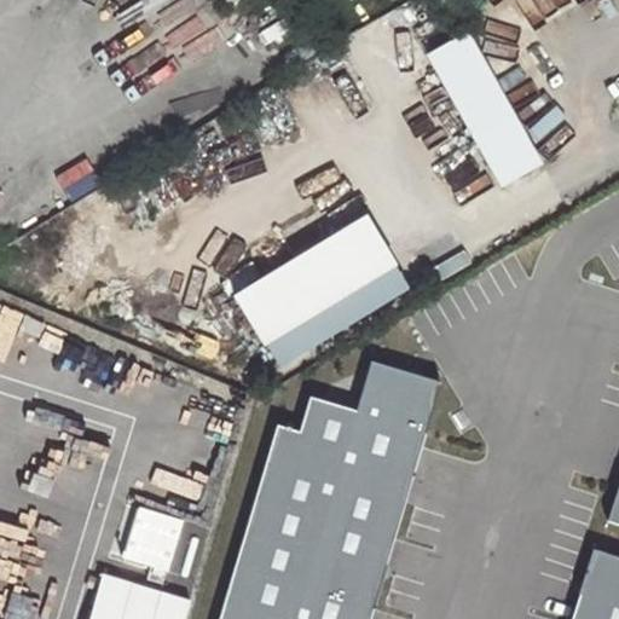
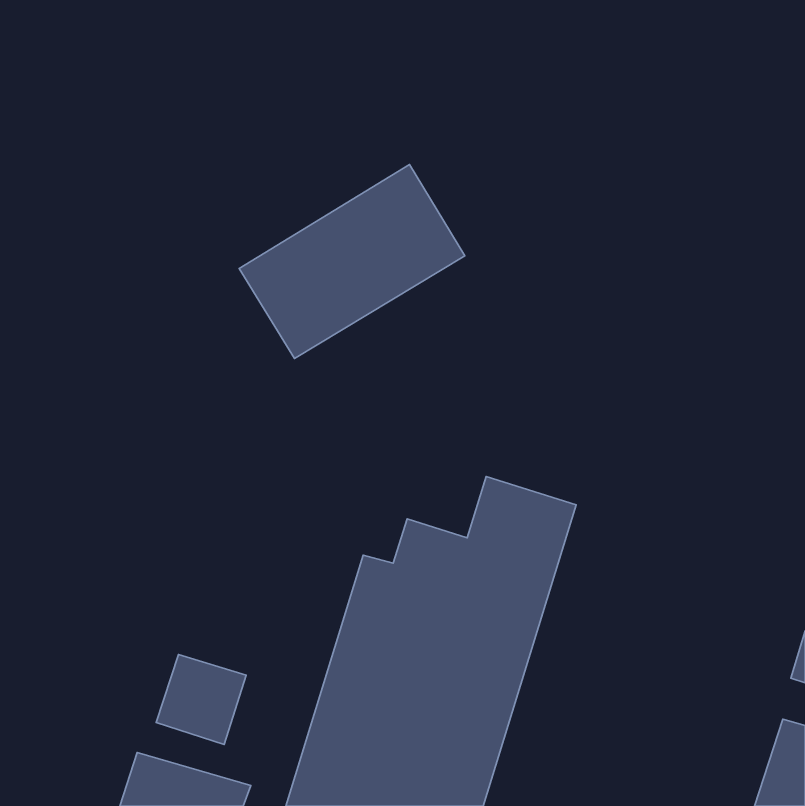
building: [432,31,542,183] -> none
building: [227,213,400,361] -> [239,164,465,358]

